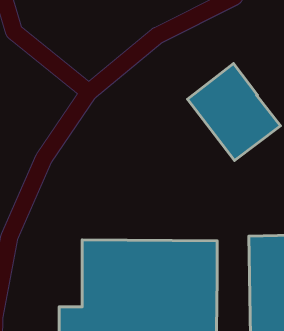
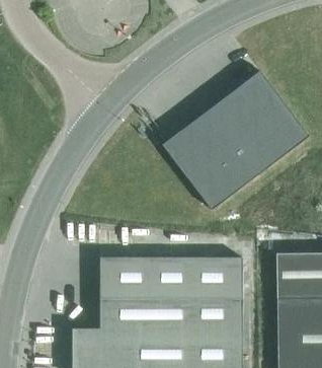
building: none -> [161,107,260,210]

